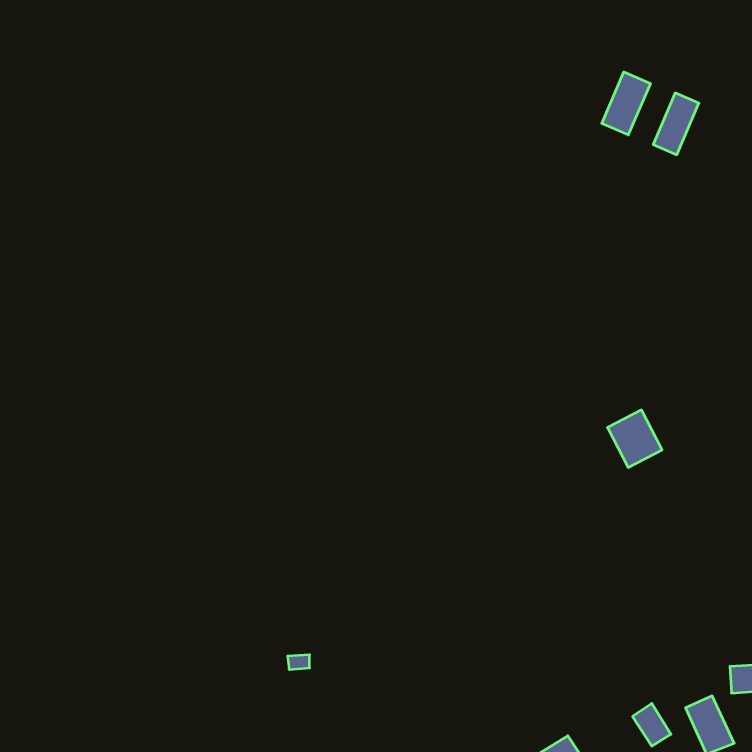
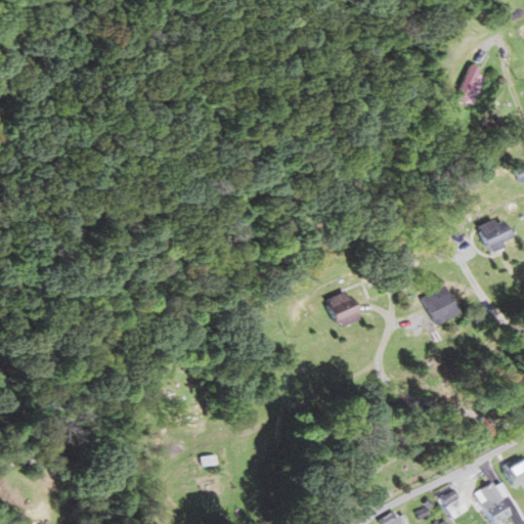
building: [602,72,650,135] -> none
building: none -> [480,217,513,251]
building: none -> [325,290,361,329]

